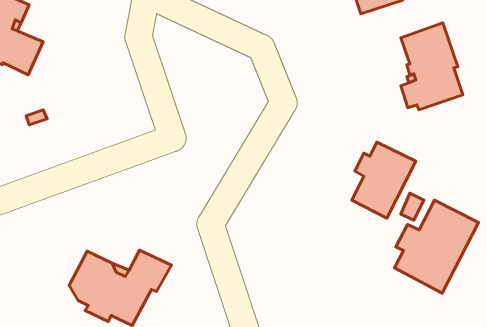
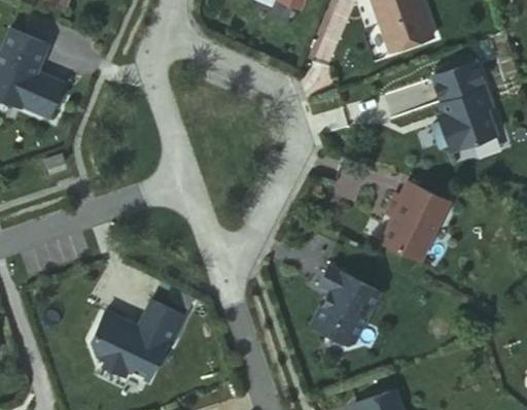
building: [394,200,478,293] -> none
building: none -> [309,268,377,347]

